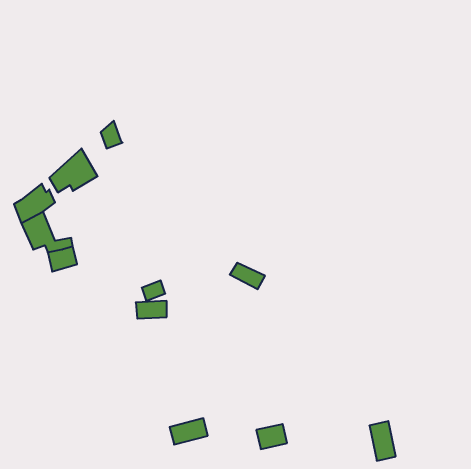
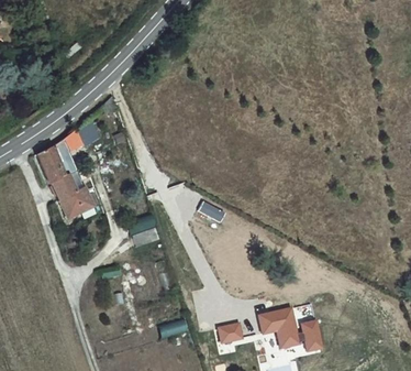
building: none -> [260,307,300,346]

